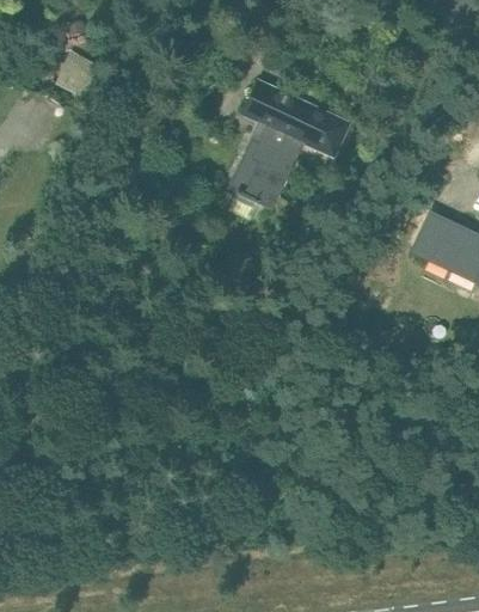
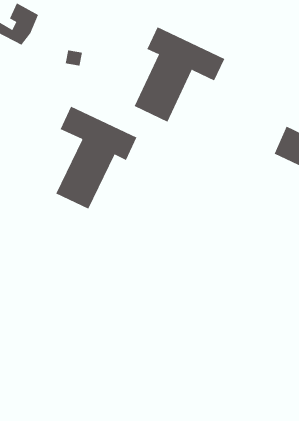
building: none -> [56,106,137,210]

